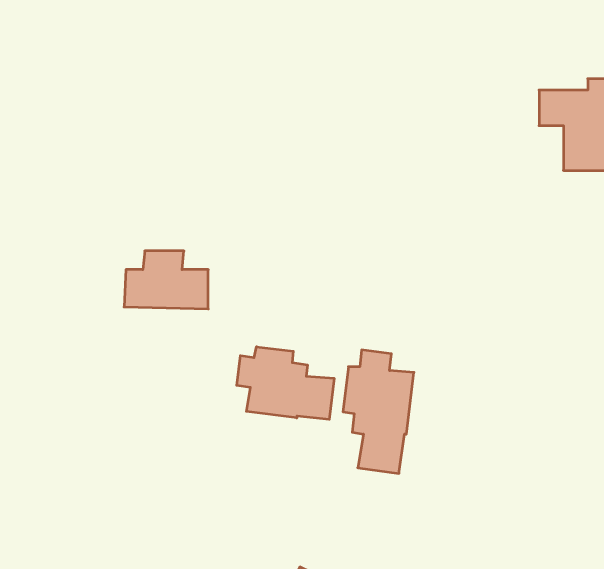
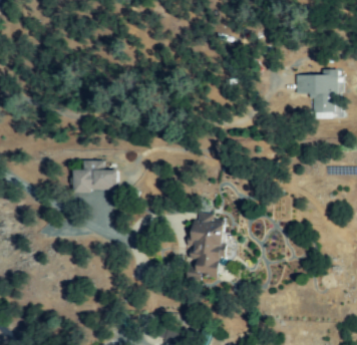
building: [237,347,334,419] -> none

